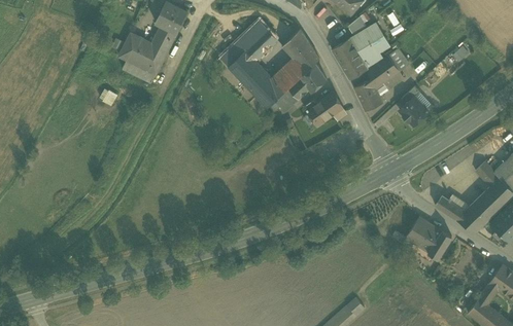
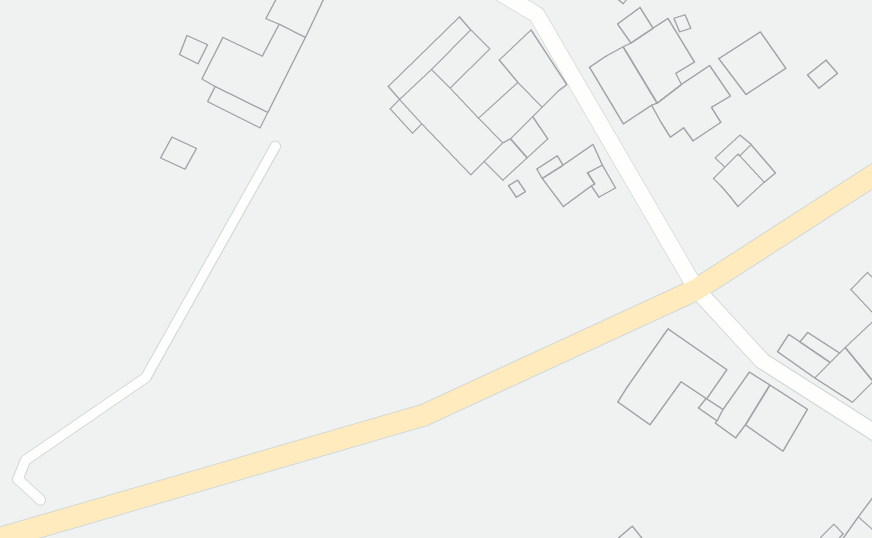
building: none -> [719,32,786,95]
building: [301,62,327,92] -> none
building: [353,79,383,110] -> none
building: none -> [618,329,727,425]

